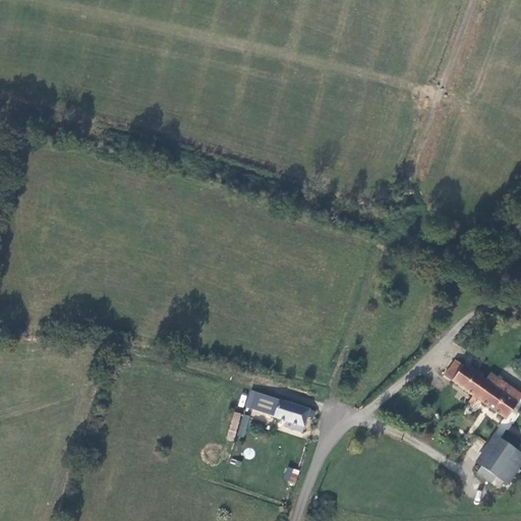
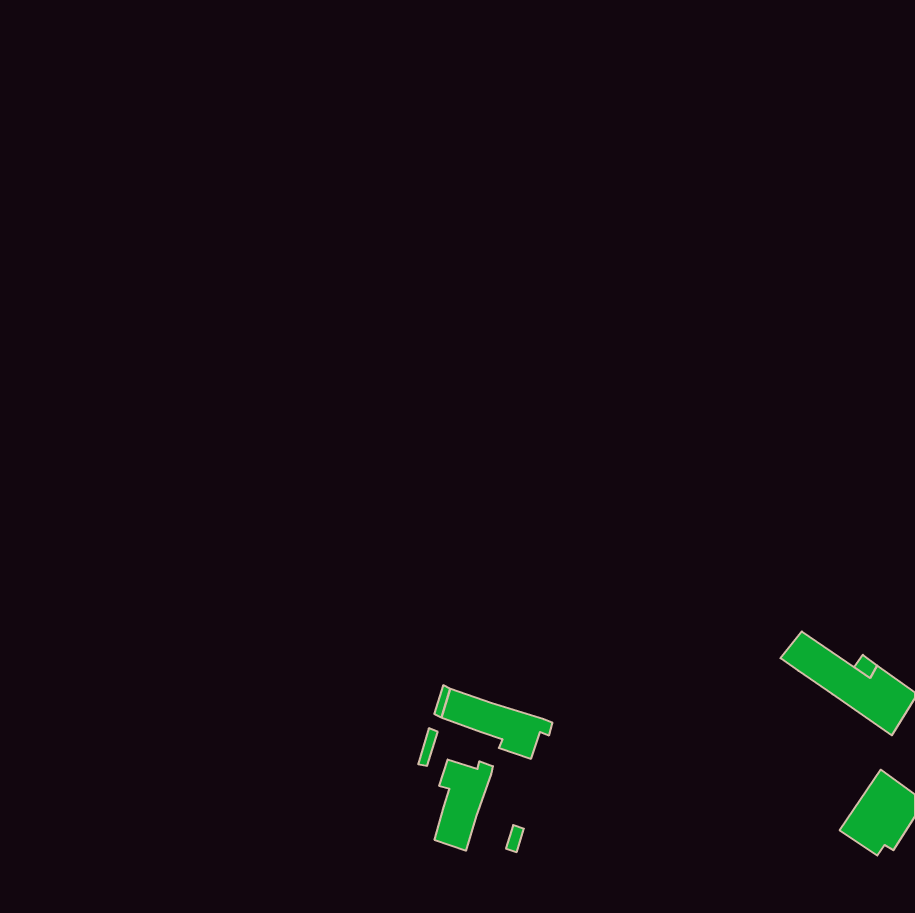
building: none -> [435,759,493,851]

